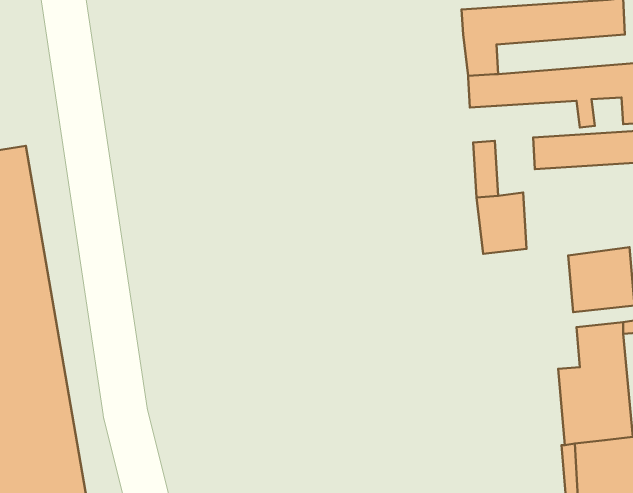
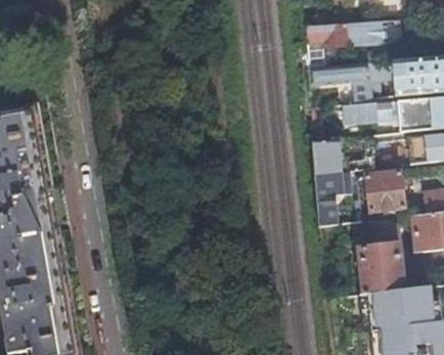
building: none -> [313,173,350,228]

